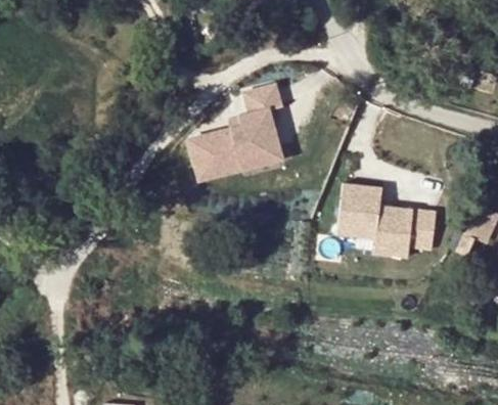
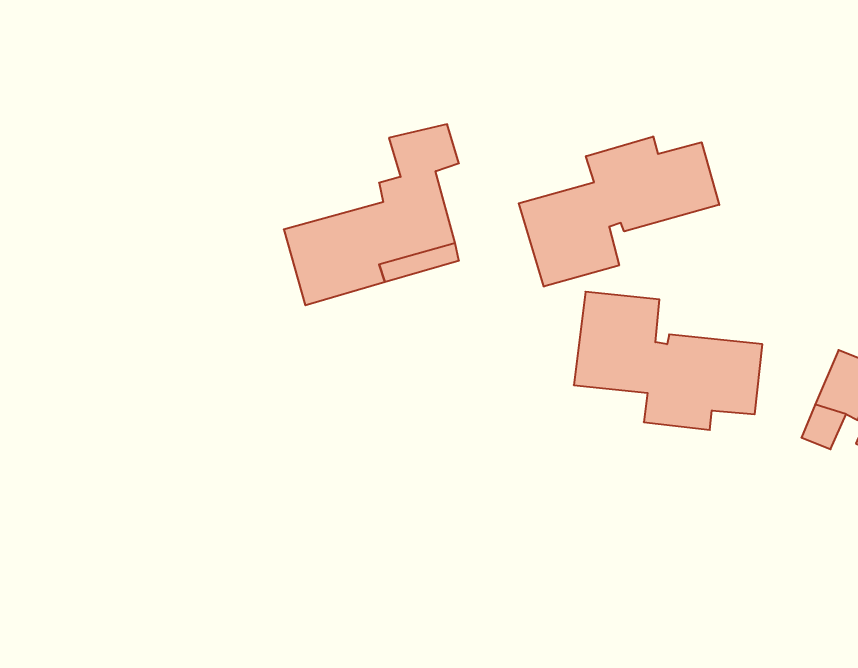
building: none -> [519,136,719,287]

